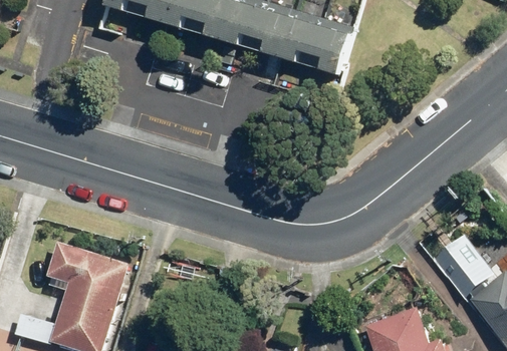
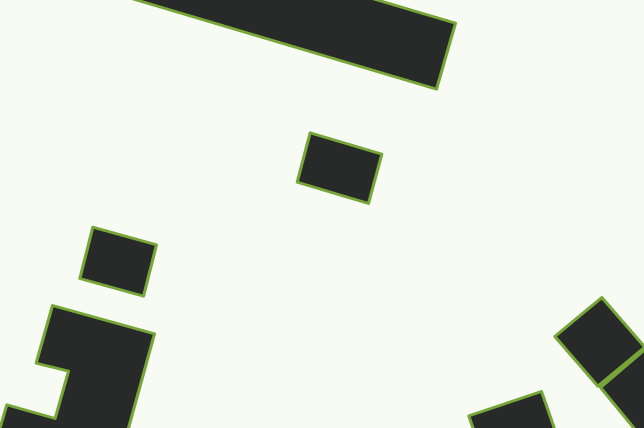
building: none -> [297,133,382,204]
building: none -> [80,227,157,296]

